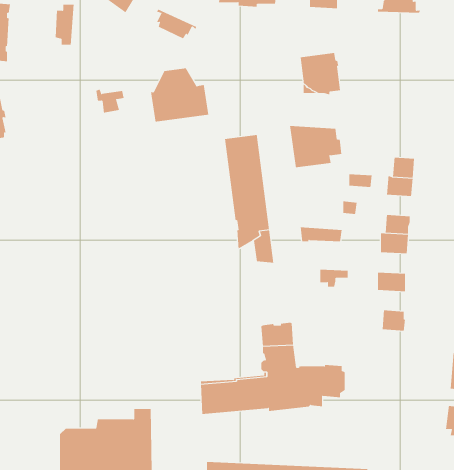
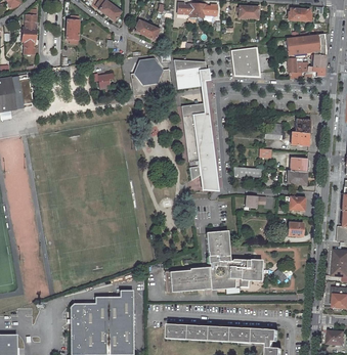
building: none -> [286,34,326,78]
building: [289,125,342,168] -> [173,60,209,89]

